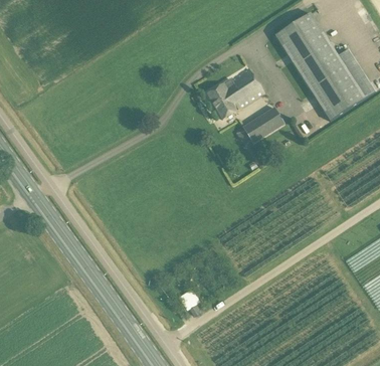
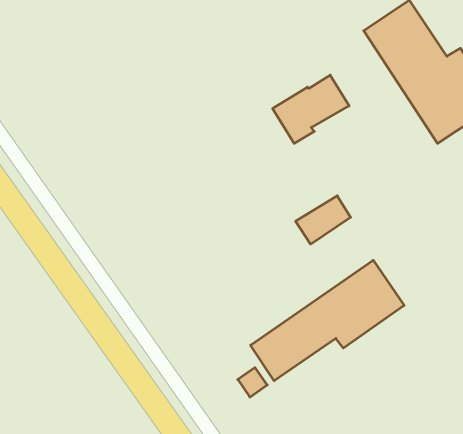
building: [242,107,283,143] -> [296,196,351,244]
building: none -> [251,260,404,381]

